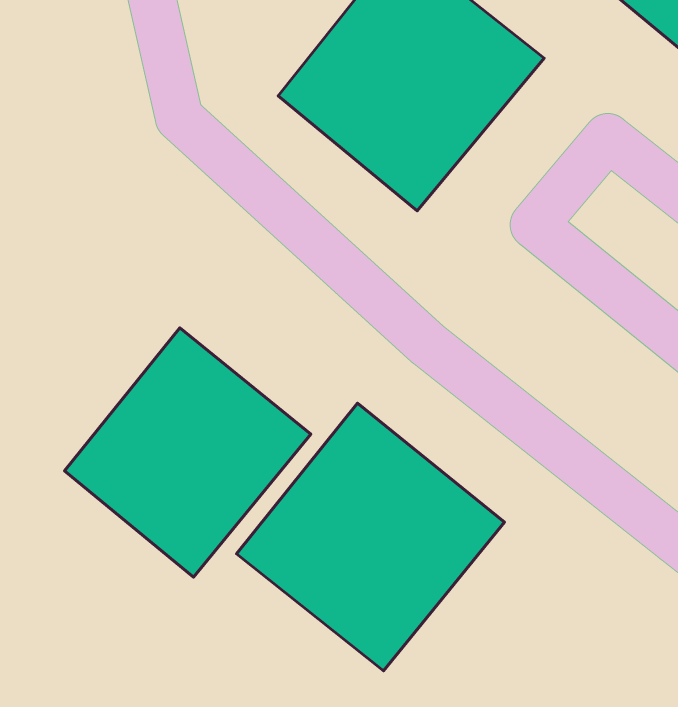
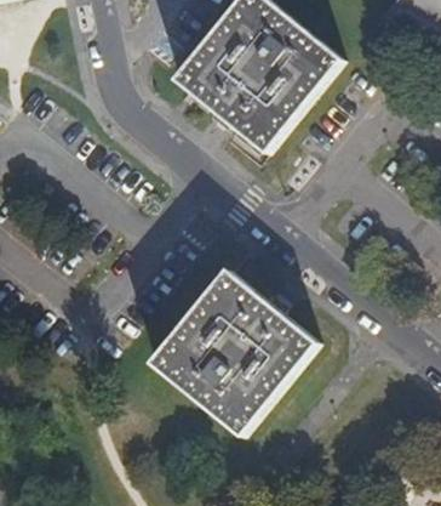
building: [64,328,311,577] -> none

